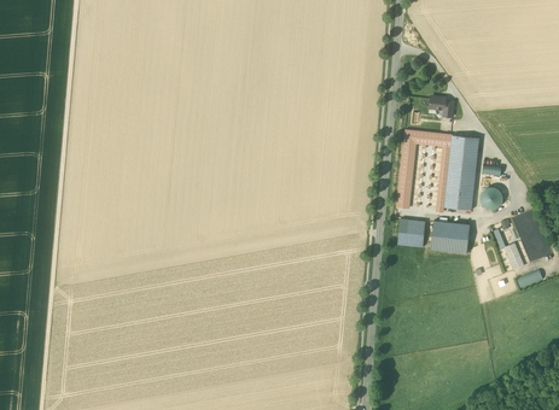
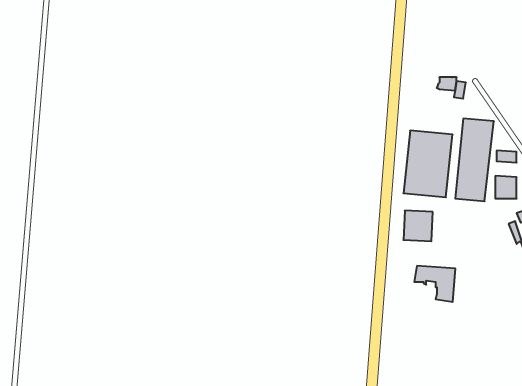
building: [431,221,468,253] -> [414,266,455,302]

